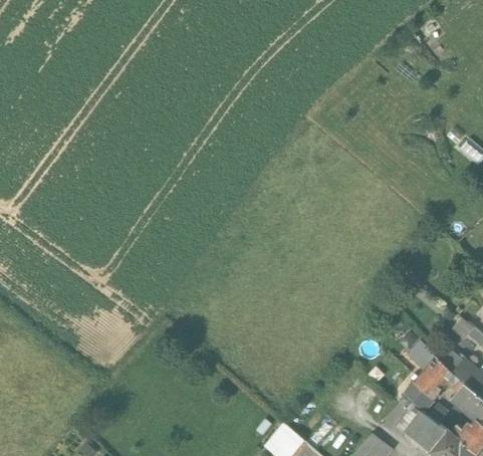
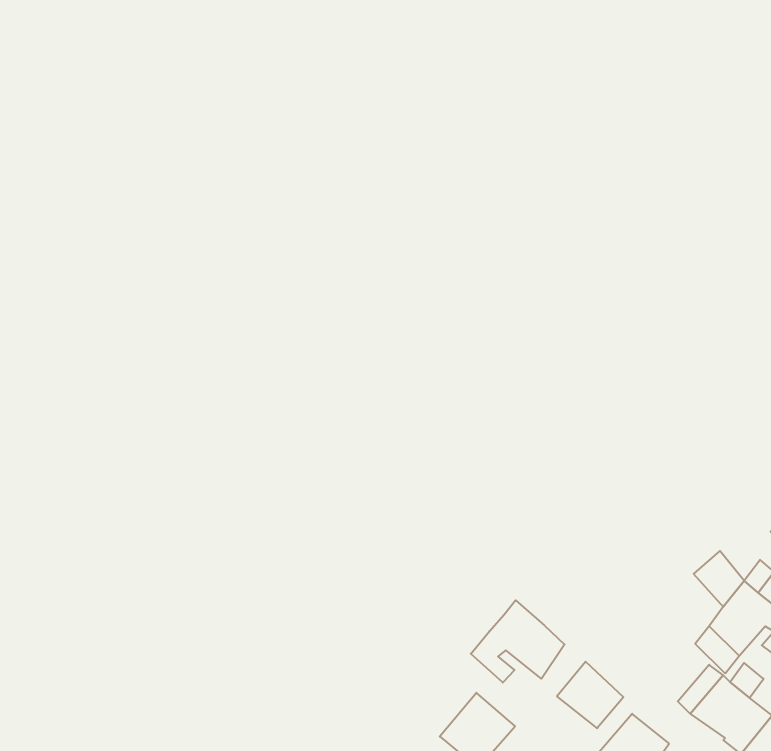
building: none -> [471,600,565,683]
building: none -> [557,662,623,728]

